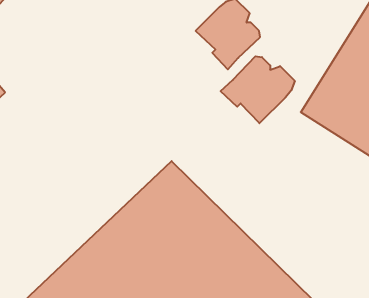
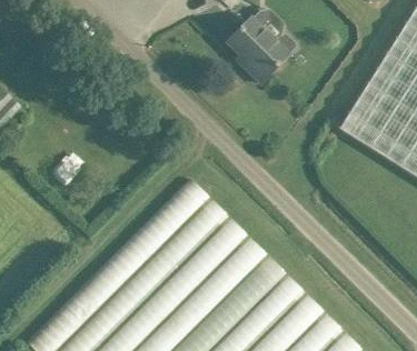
building: [221,56,295,123] -> none

